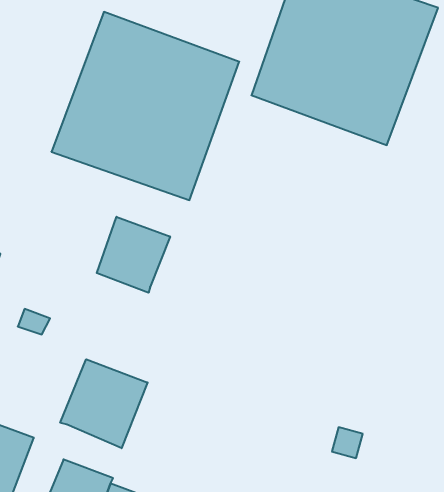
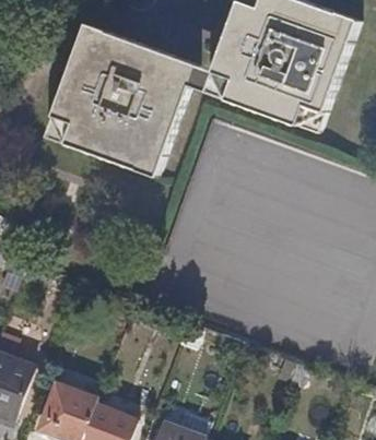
building: [97,217,170,293] -> none
building: [60,359,148,448] -> none

